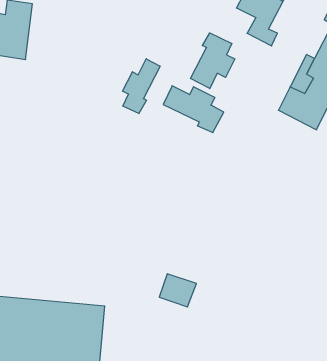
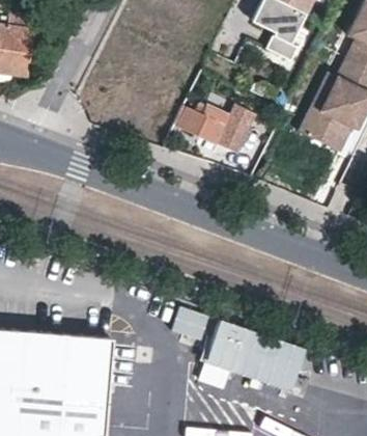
building: [191,33,235,89] -> none
building: [123,59,160,114] -> none
building: none -> [202,317,304,390]

